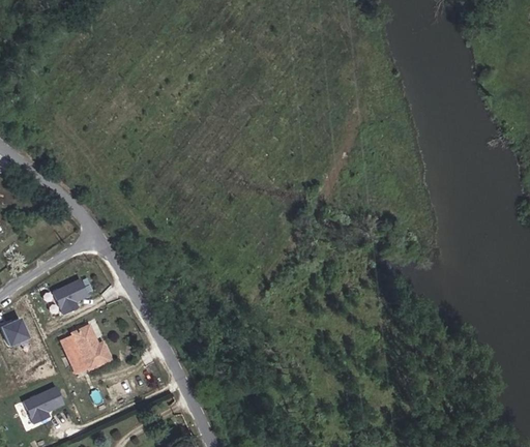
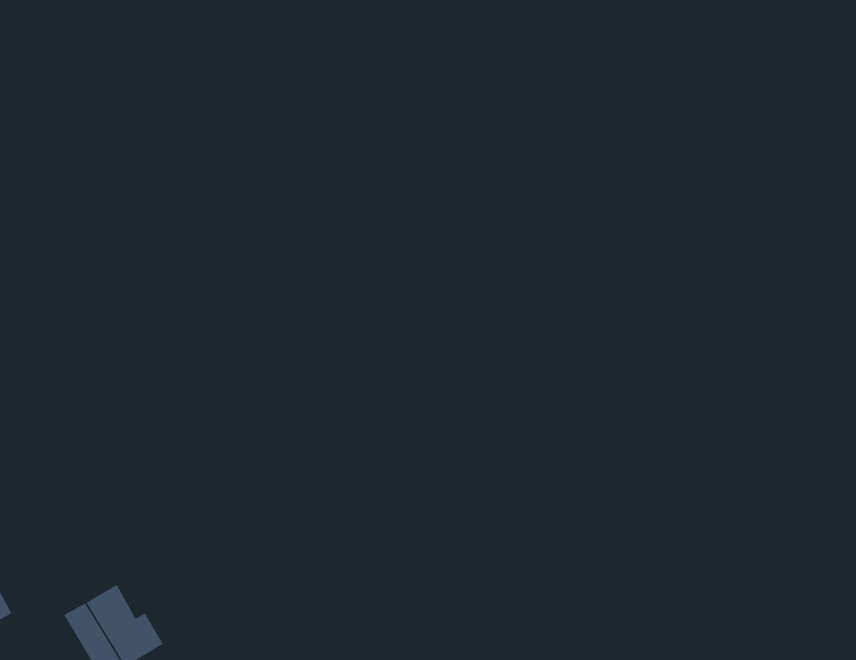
building: [53,276,94,314] -> none

